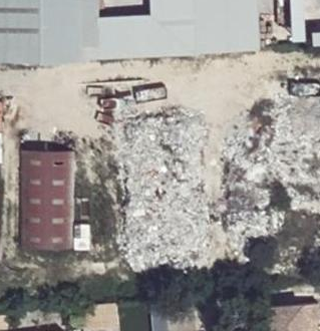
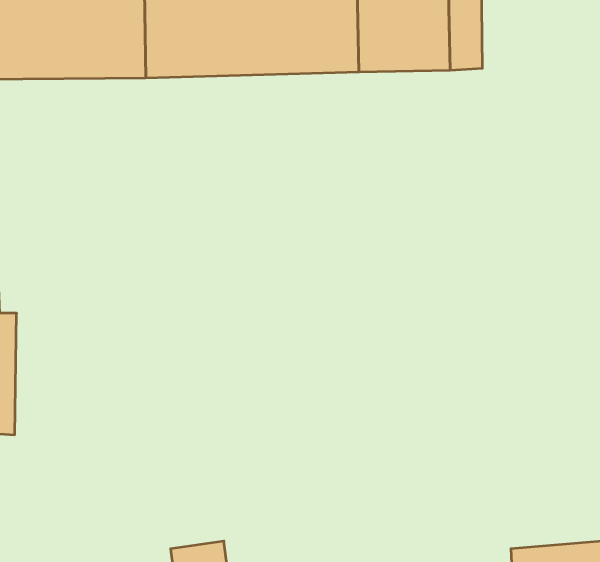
building: [22,152,75,249] -> none

